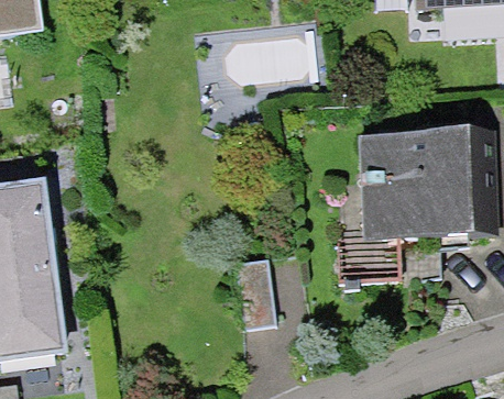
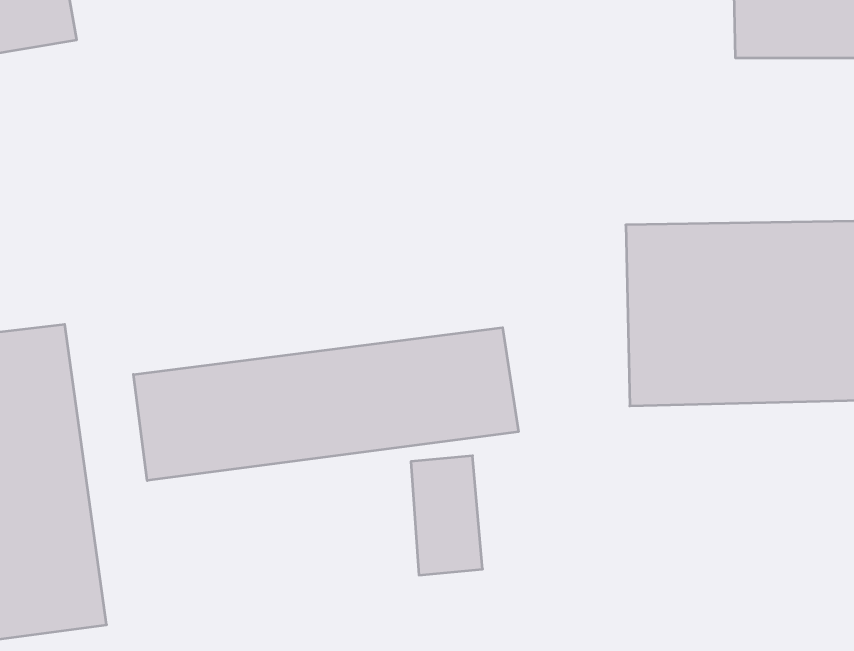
building: none -> [133,328,518,481]

